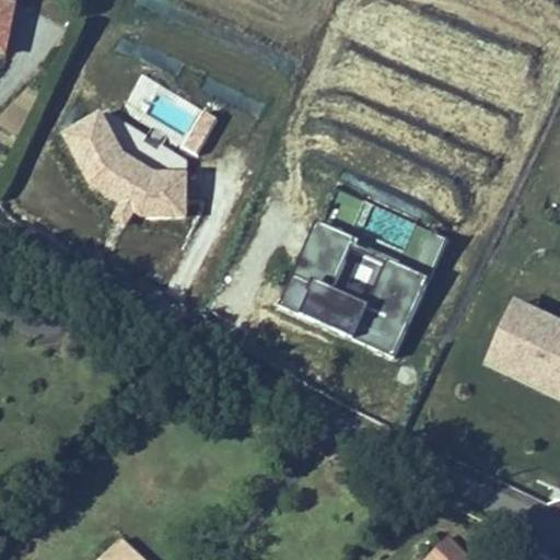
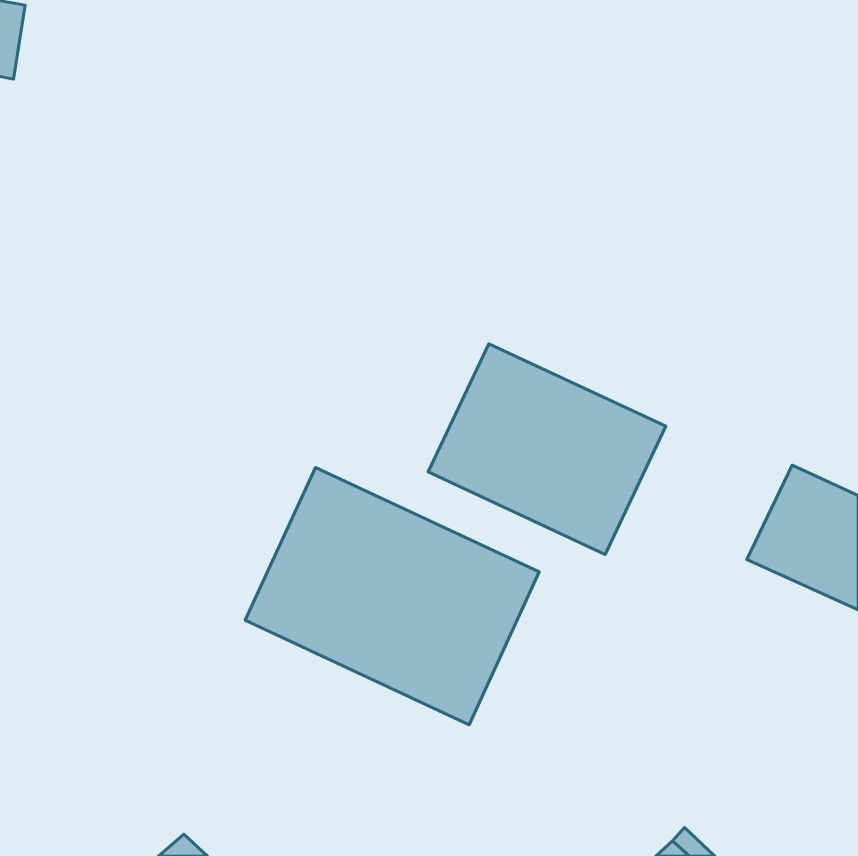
building: [62,107,188,214] -> none
building: none -> [245,467,539,725]

